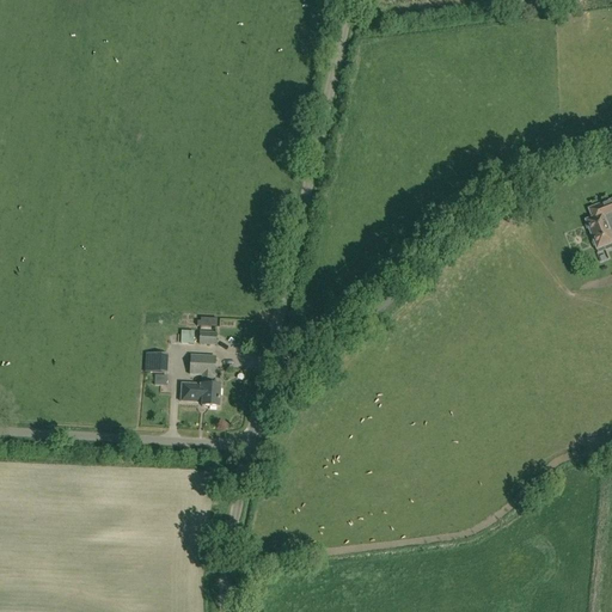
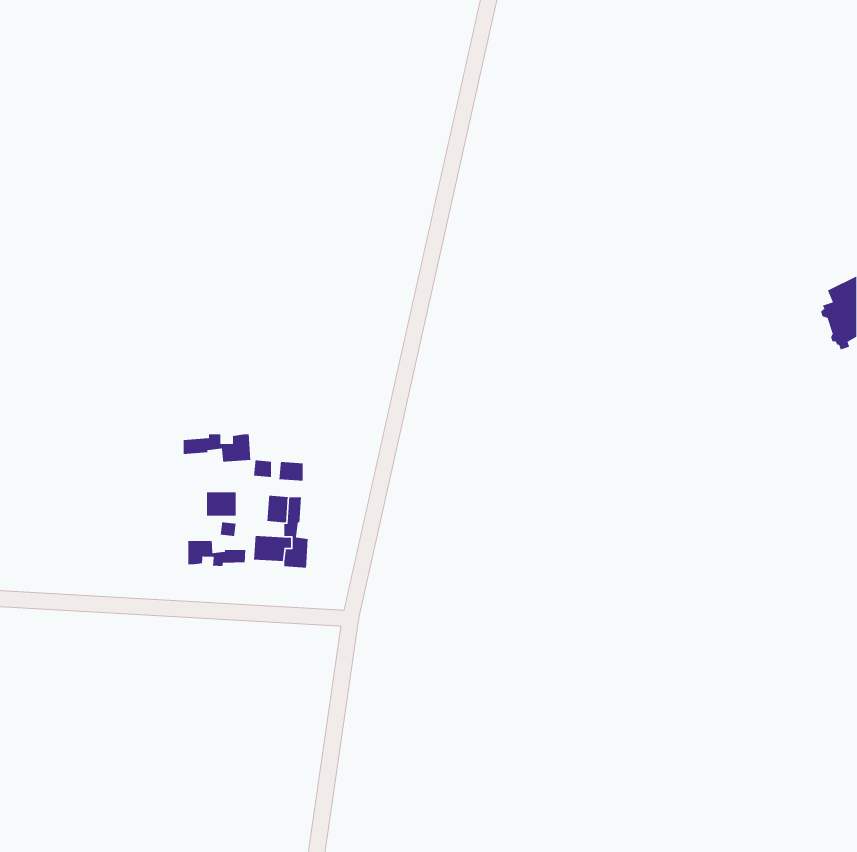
building: none -> [183,434,251,463]
building: none -> [188,540,246,567]

